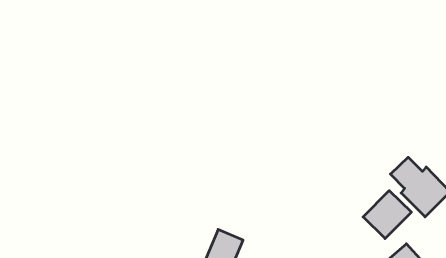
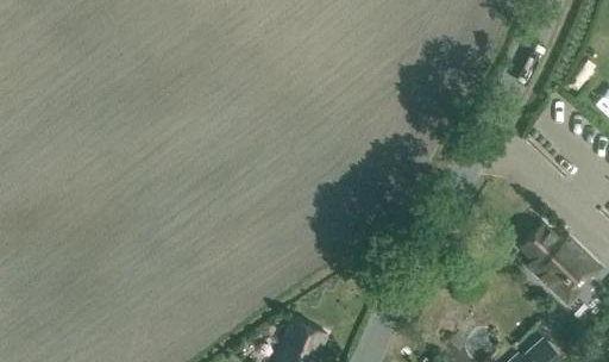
building: [363,191,411,239] -> none

